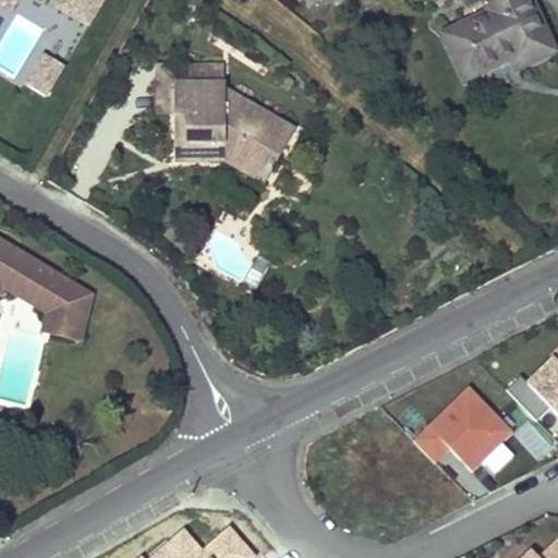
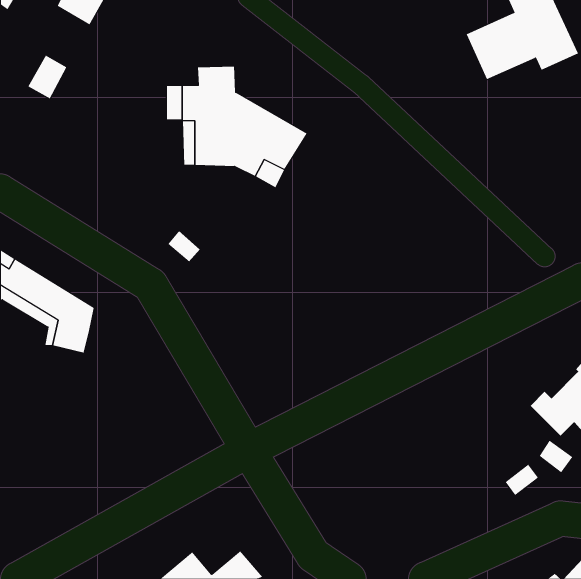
building: [413,384,512,469] -> none

